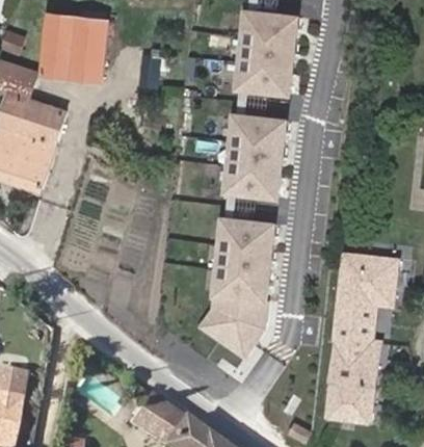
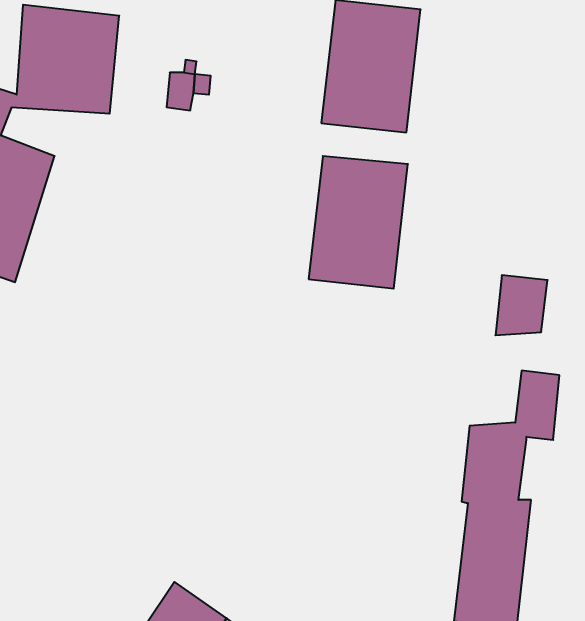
building: [200,213,285,360] -> none
building: [338,249,372,289] -> [495,275,548,335]

